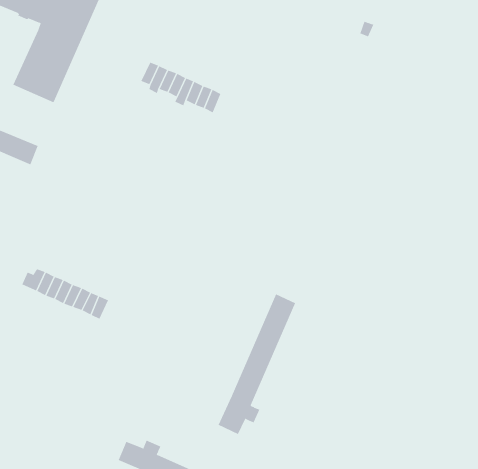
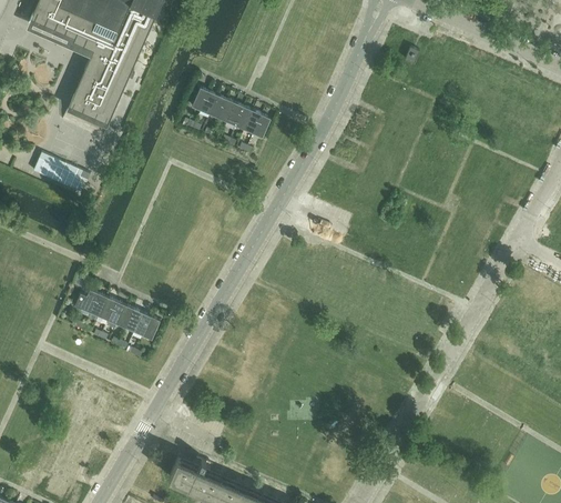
building: [218,294,296,435] -> none

